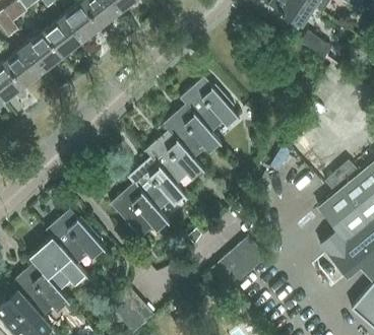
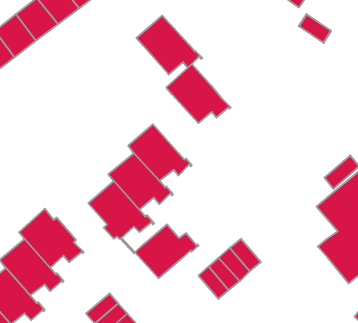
building: [163,105,223,158] -> [136,16,202,75]
building: none -> [135,224,199,278]

